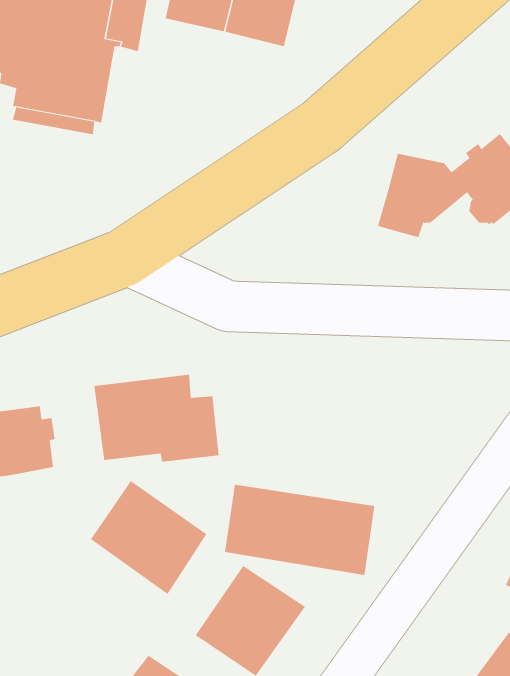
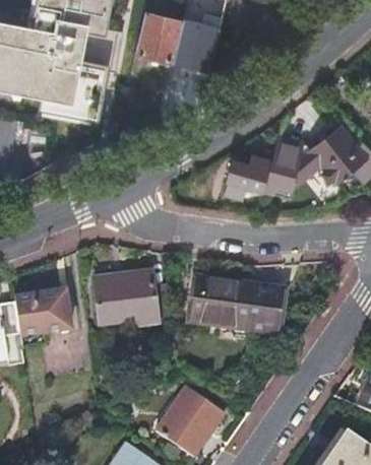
building: none -> [228,155,272,197]
building: [90,480,207,595] -> none
building: [224,484,375,576] -> [189,277,282,333]

